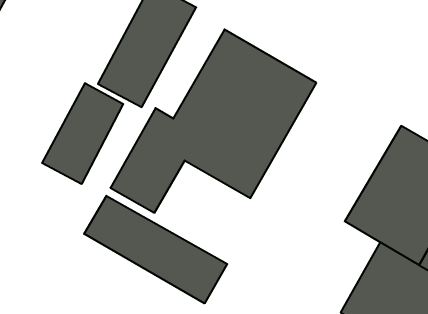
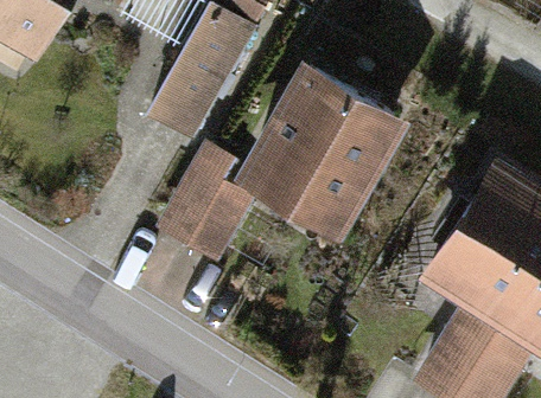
building: [42,83,123,184] -> none
building: [84,196,227,303] -> none

